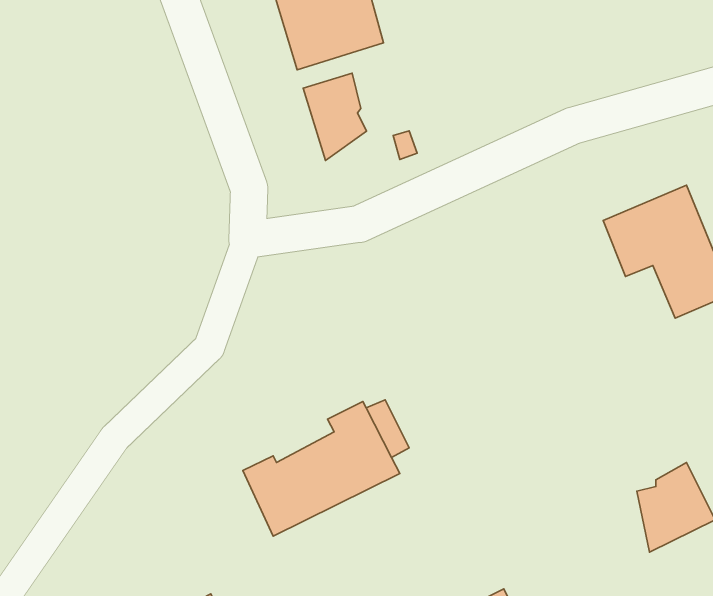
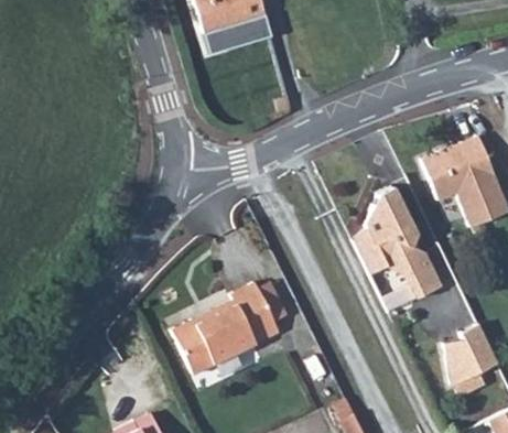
building: [303,73,366,160] -> none
building: none -> [356,192,444,300]

